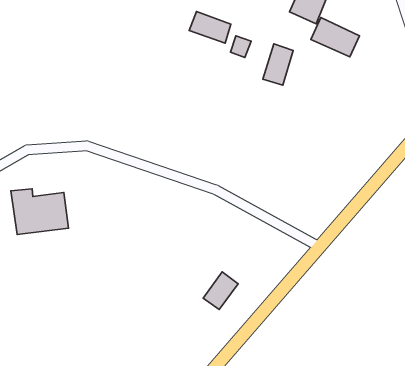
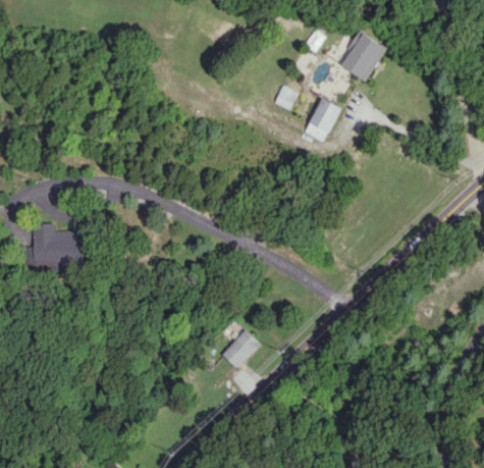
building: [189,12,231,43] -> none
building: [311,17,360,57] -> none

